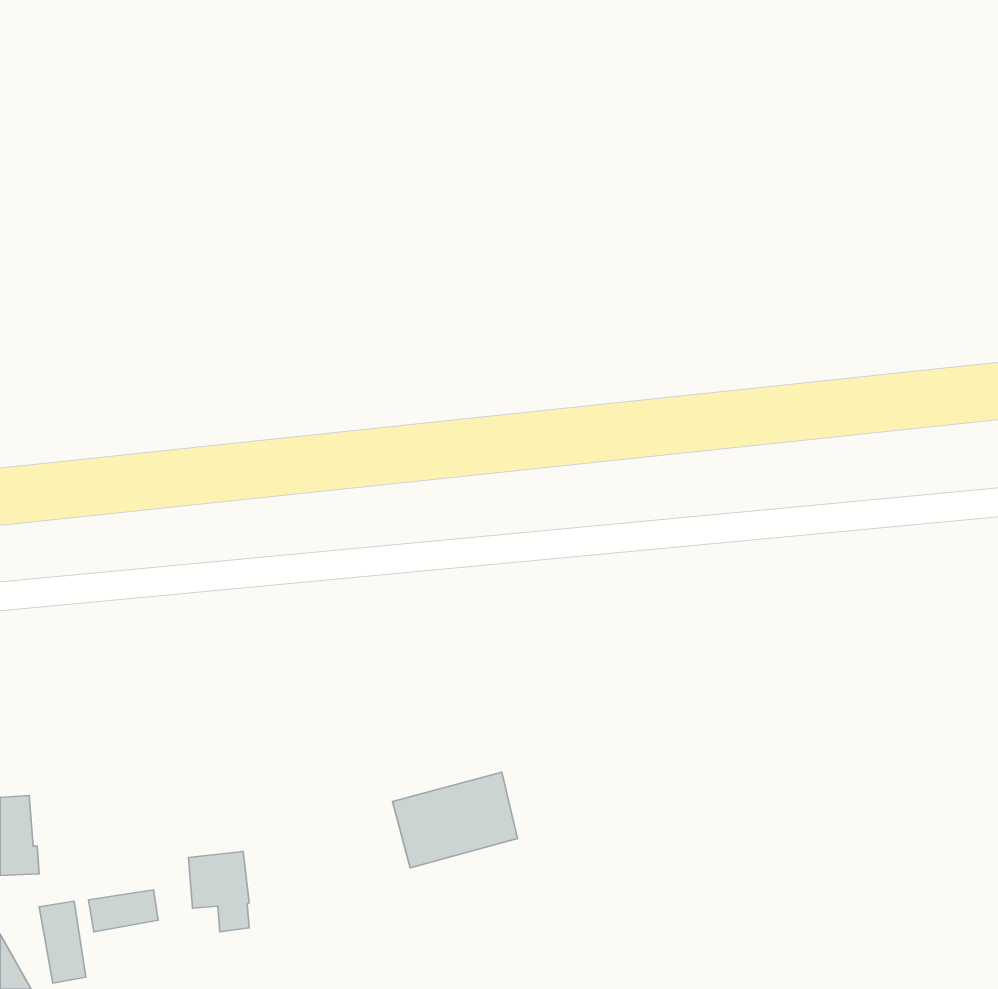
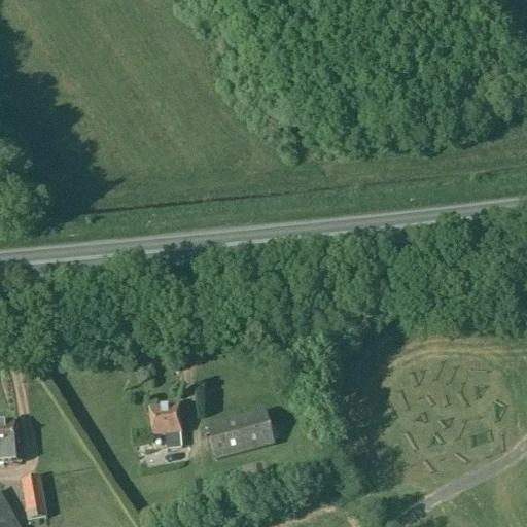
building: [189,852,249,932] -> [149,403,181,446]
building: [89,890,158,932] -> none

